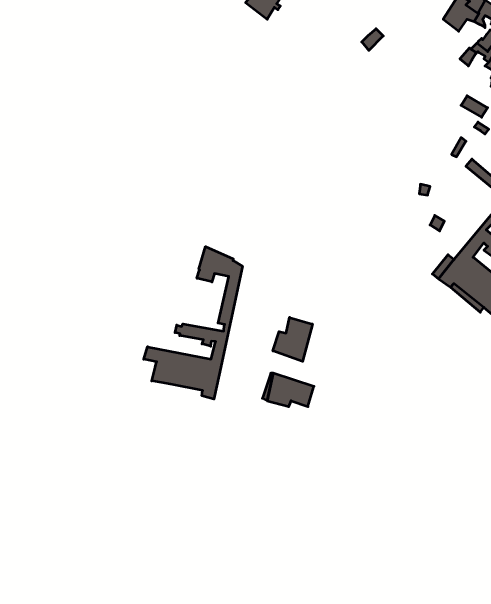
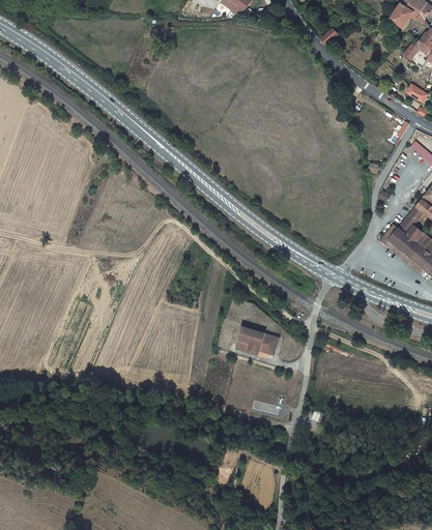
building: [144,247,242,399] -> none
building: [273,317,312,361] -> none

